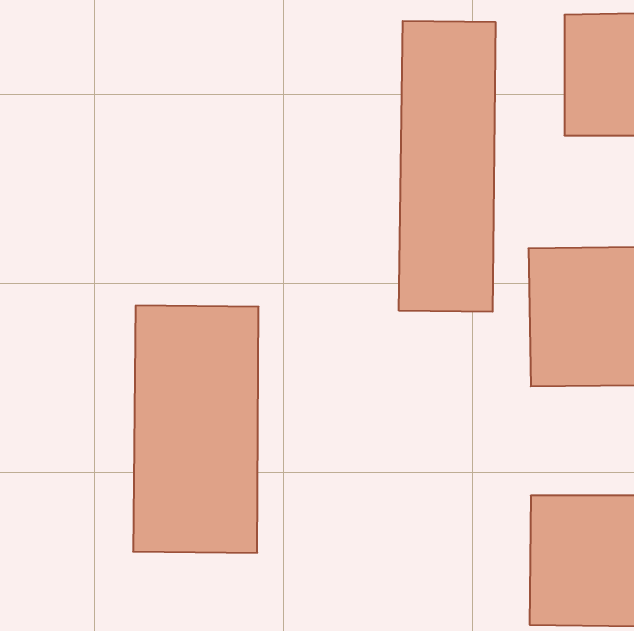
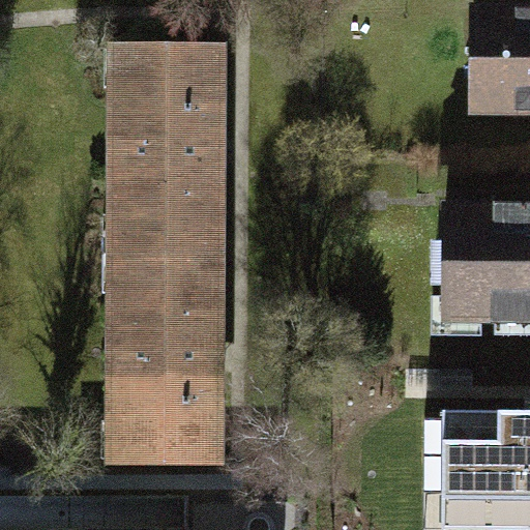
building: [399,21,495,312] -> none
building: none -> [114,49,218,259]

